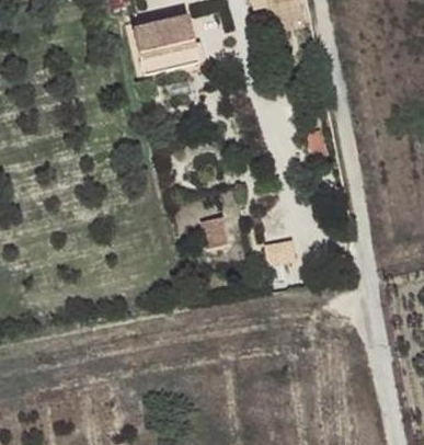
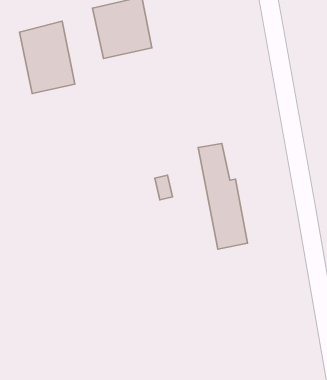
building: none -> [19,21,75,93]

